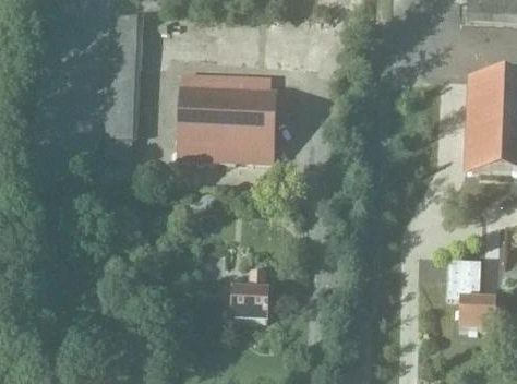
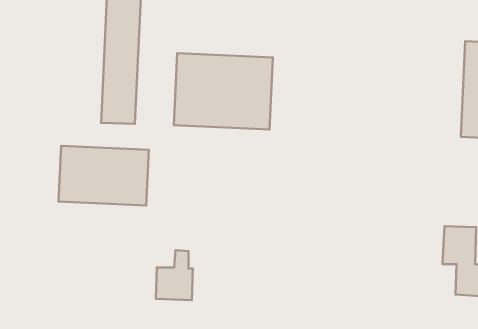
building: none -> [58,146,149,206]
building: [231,267,268,317] -> [156,250,193,300]

